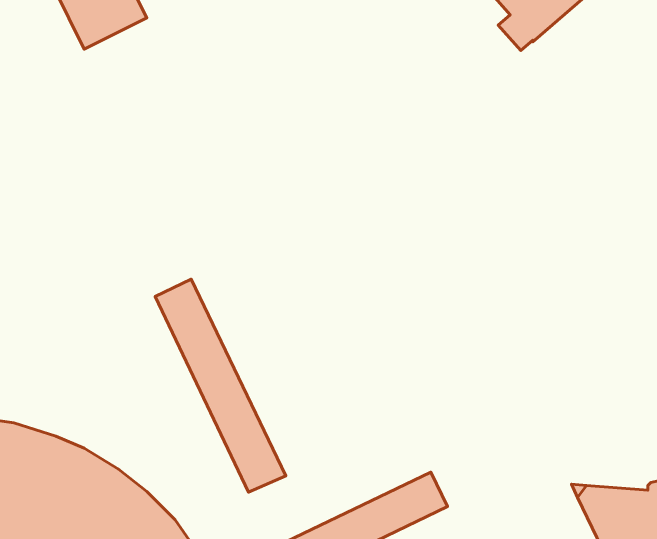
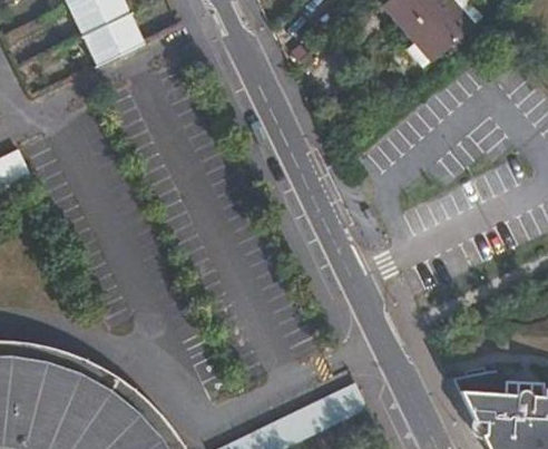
building: [155,279,286,492] -> none

